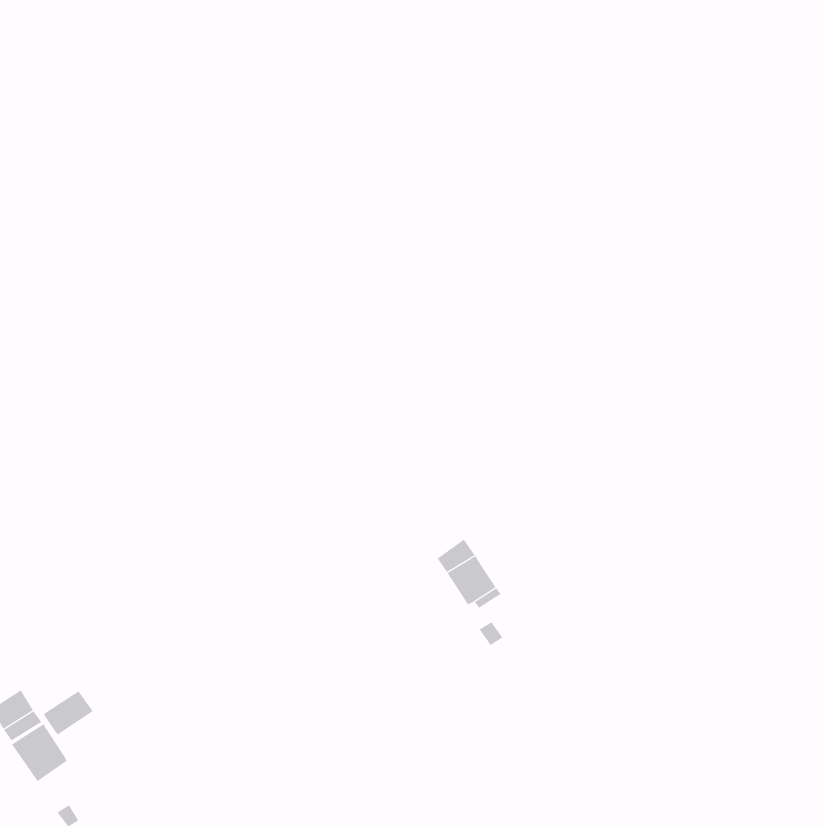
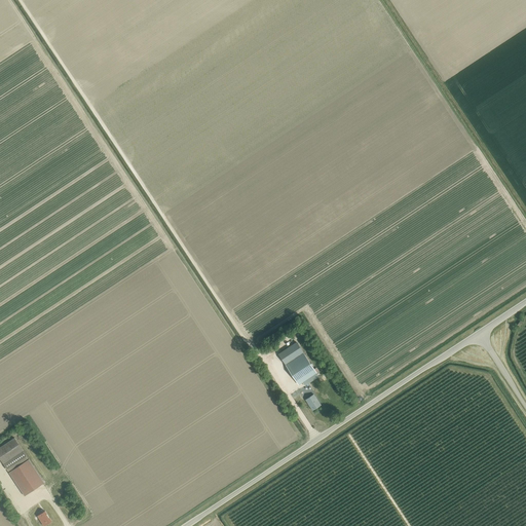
building: [43,690,94,735] -> none

